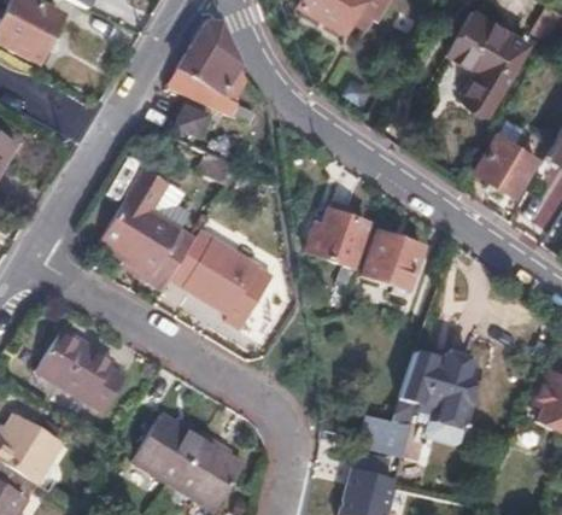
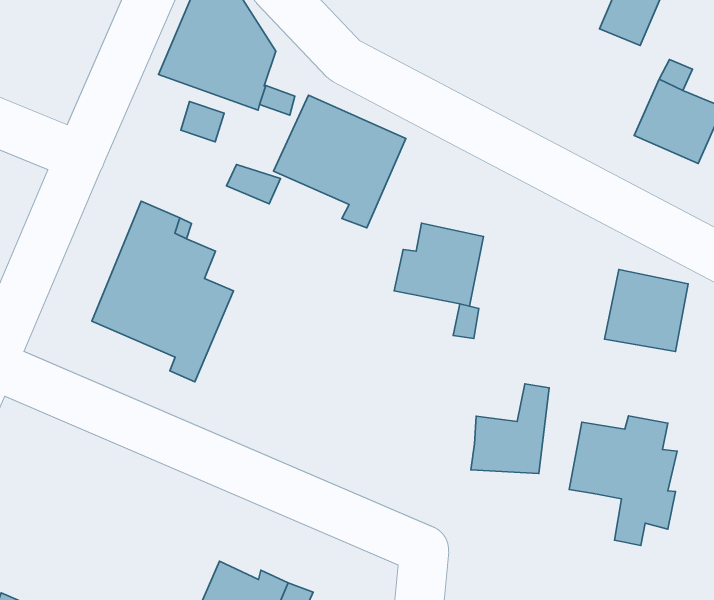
building: [361,233,421,292] -> [605,270,688,351]
building: [183,239,274,332] -> [273,95,406,228]
building: [37,329,125,411] -> none
building: [357,398,416,458] -> [471,384,549,473]

